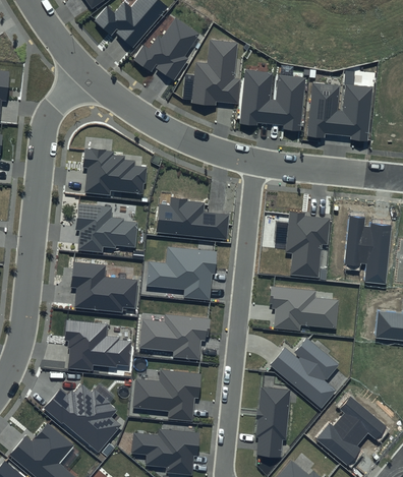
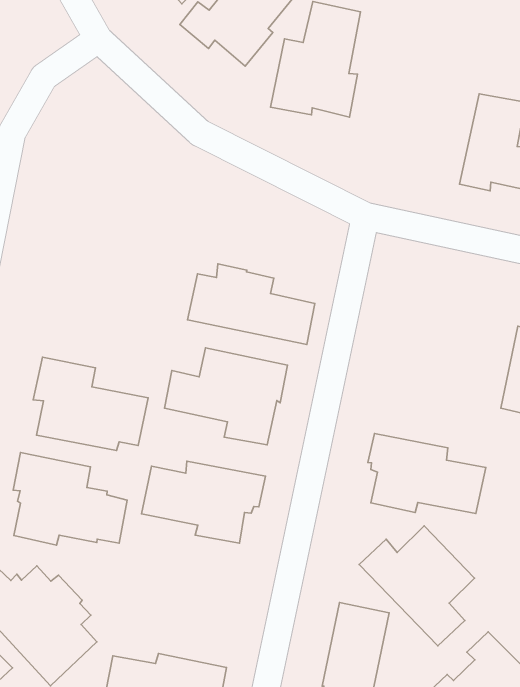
building: [239,70,304,130] -> none
building: [81,148,147,195] -> none
building: [74,203,137,252] -> none
building: [284,212,329,277] -> none
building: [132,369,202,421] -> none

